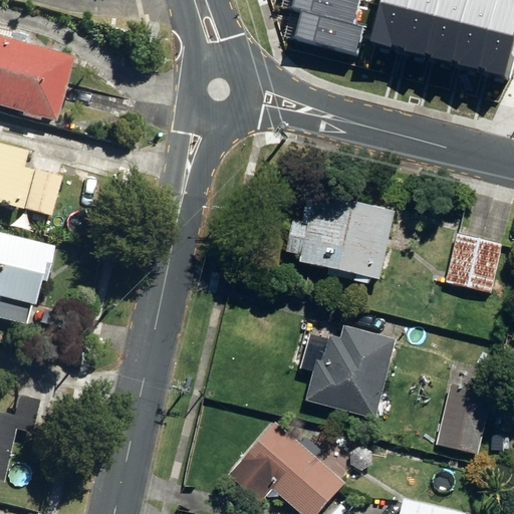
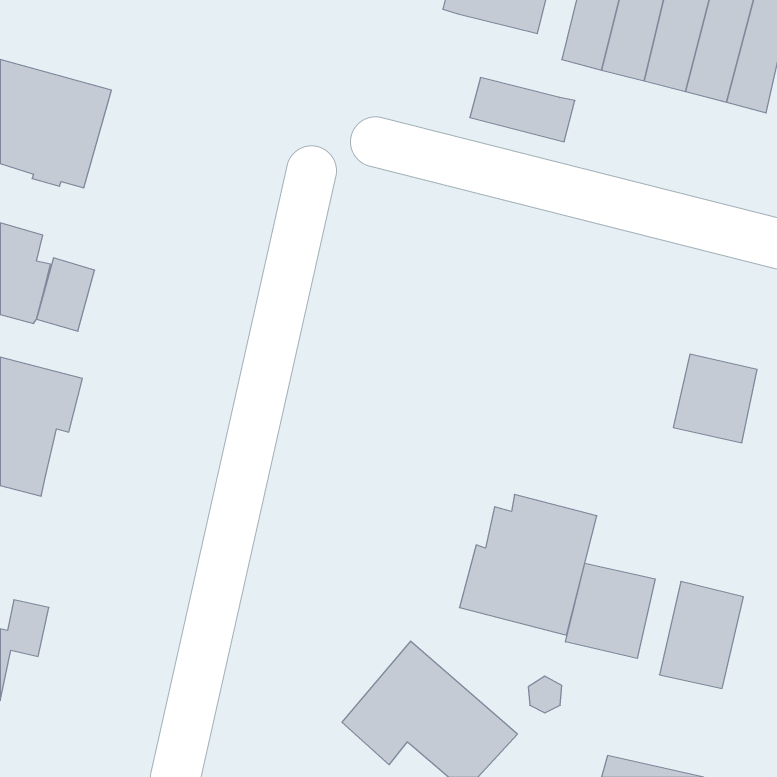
building: [296,9,365,51] -> [470,78,575,142]
building: [284,195,392,278] -> none
building: none -> [566,563,655,658]

